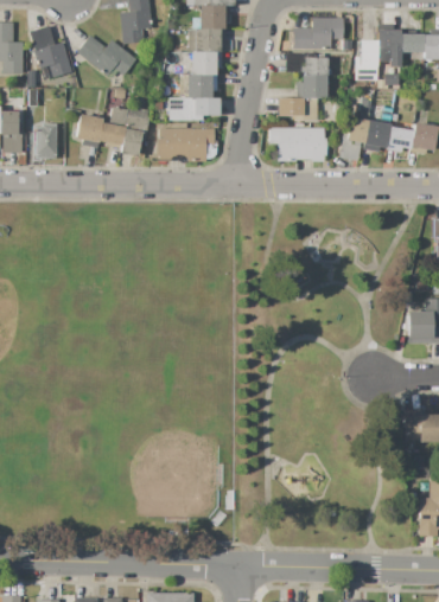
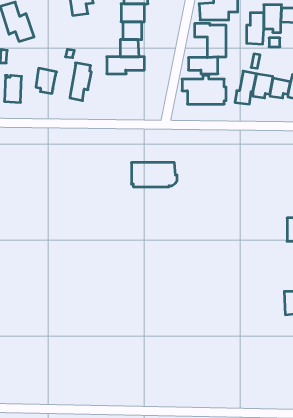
building: [77,36,135,79] -> none
building: [98,108,128,145] -> none
building: [157,128,217,160] -> [131,163,177,187]

